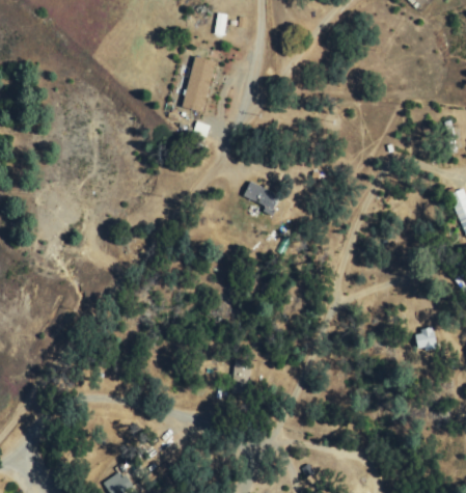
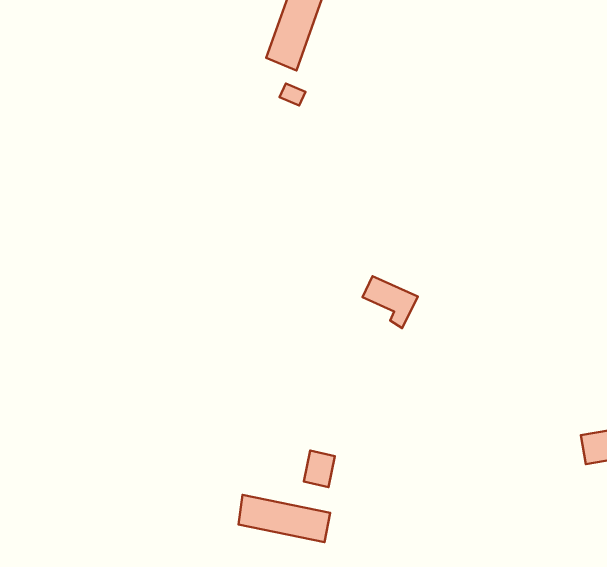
building: [244,184,280,216] -> [362,276,418,328]
building: none -> [238,495,330,542]

